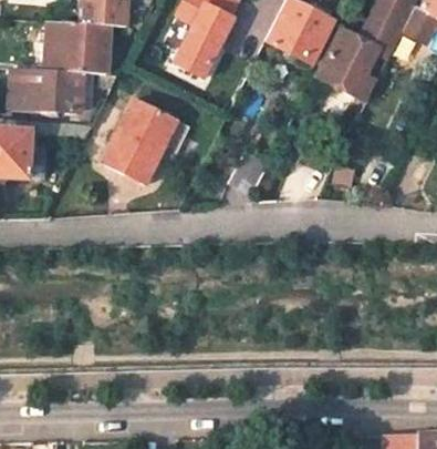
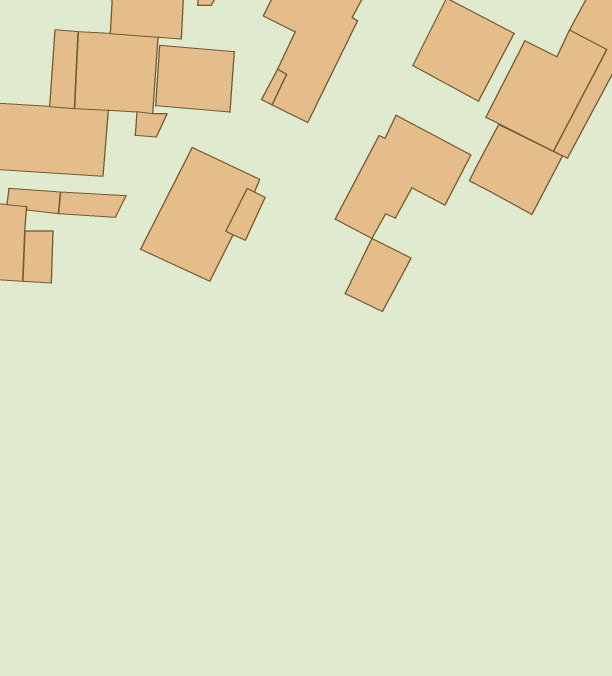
building: none -> [156,45,234,112]
building: none -> [335,115,471,238]
building: none -> [470,124,563,215]

